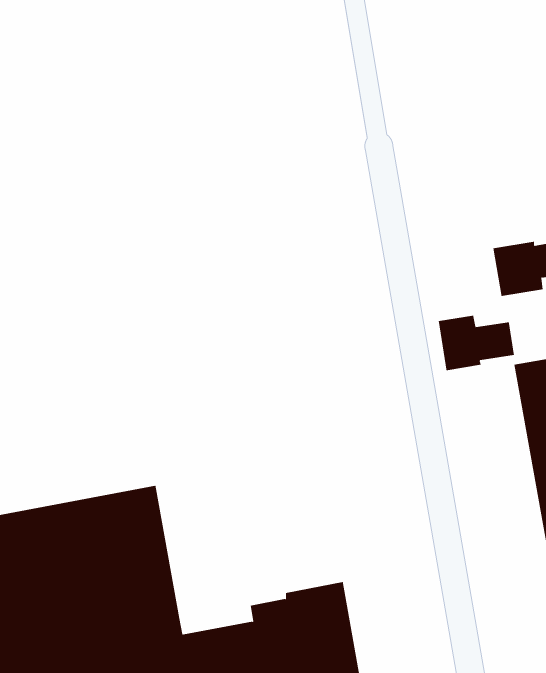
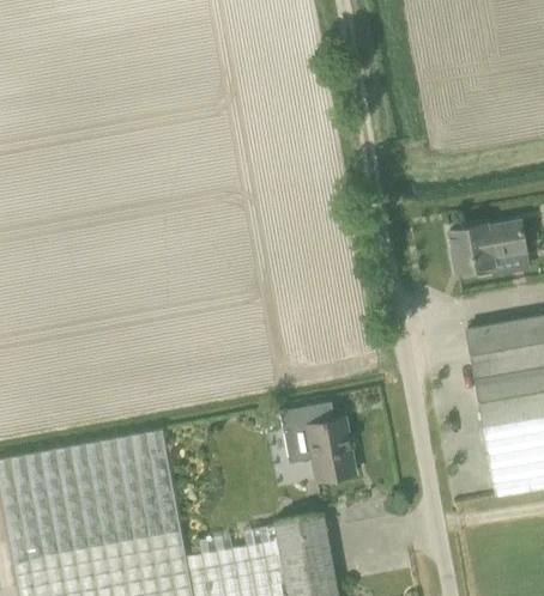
building: [438,315,515,371] -> none
building: none -> [278,401,353,481]

